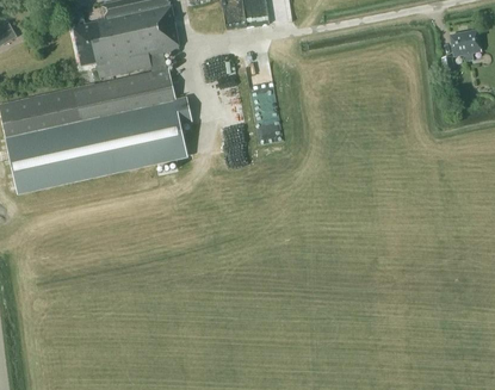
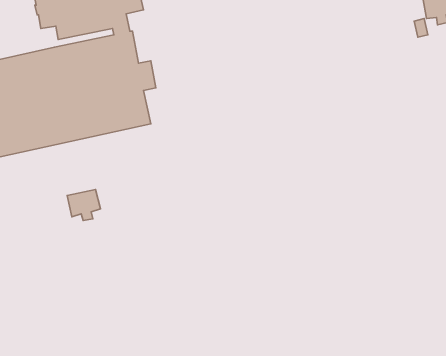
building: none -> [67,189,100,221]

